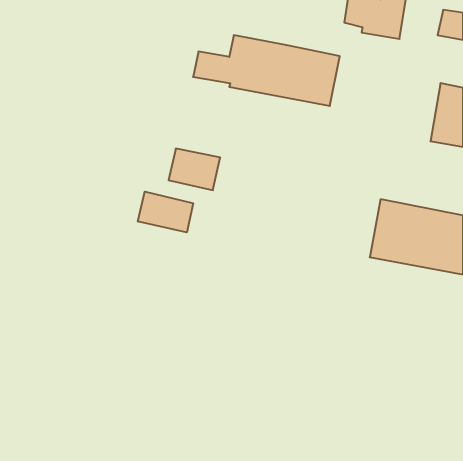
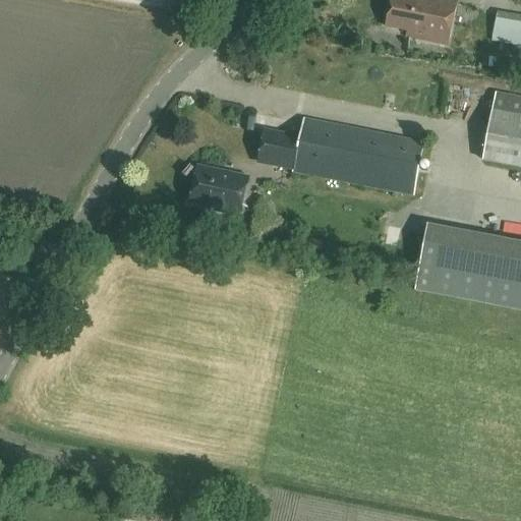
building: [193,35,340,106] -> [259,114,424,193]
building: [138,192,193,232] -> none

